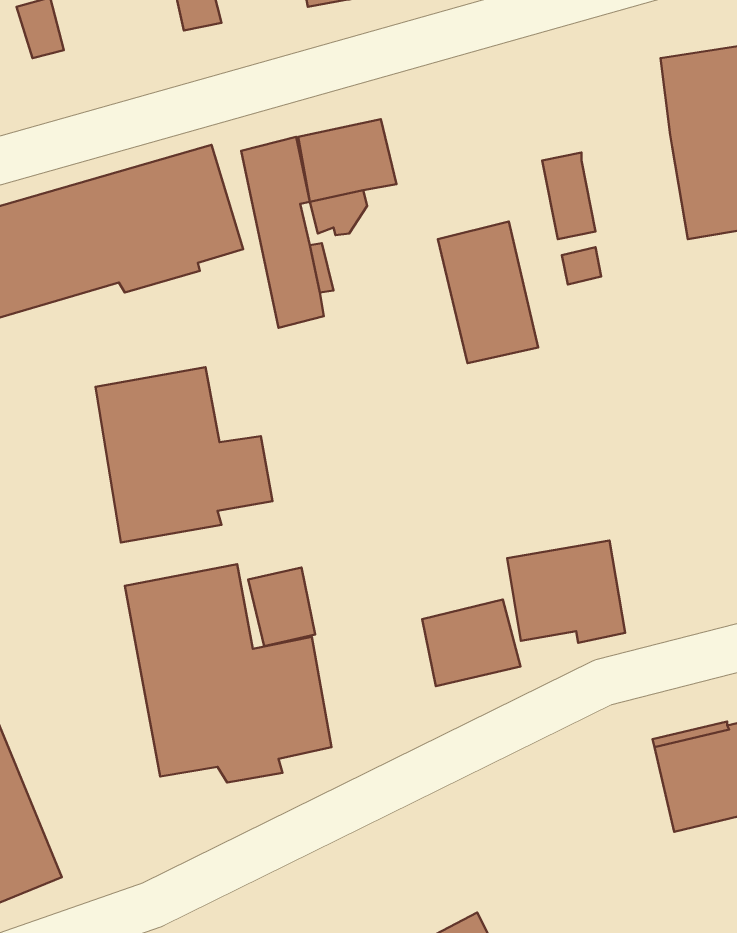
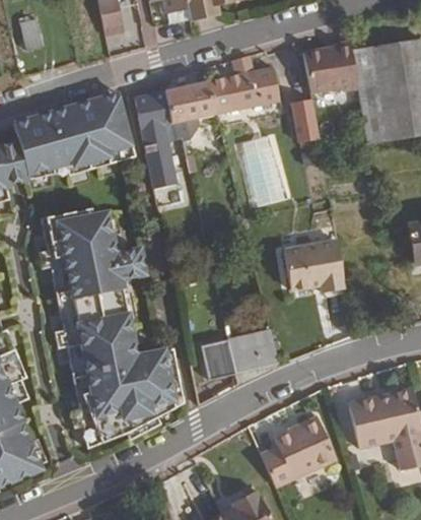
building: none -> [301,40,355,92]
building: none -> [206,55,279,114]
building: [507,540,625,643] -> [282,239,343,291]
building: [248,568,315,646] -> [200,338,234,379]
building: none -> [262,415,335,484]

